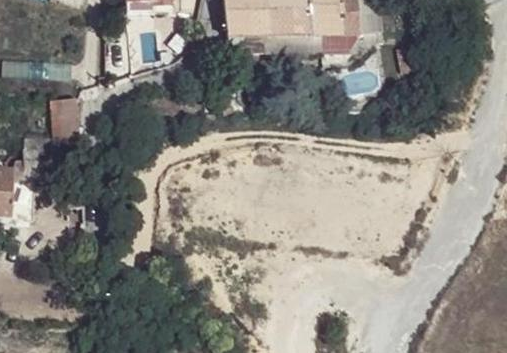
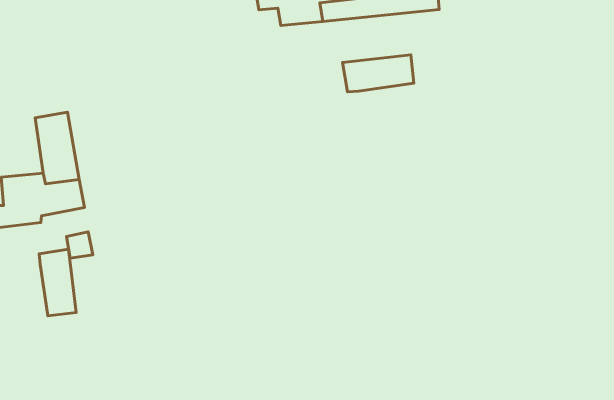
building: none -> [343,55,414,92]
building: none -> [39,249,76,316]

